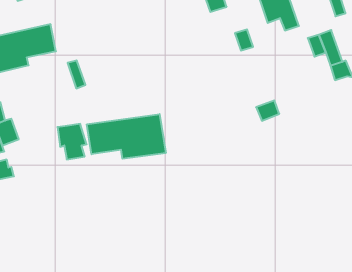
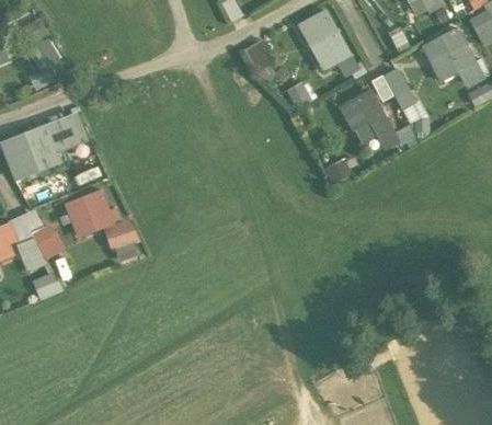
building: none -> [339,89,400,150]
building: none -> [64,189,114,237]
building: [87,114,166,159] -> none

